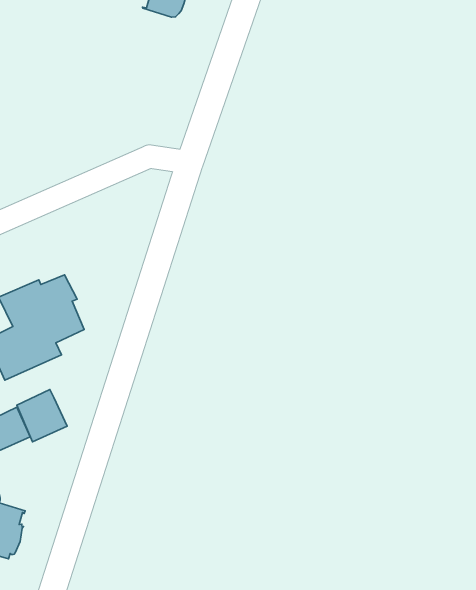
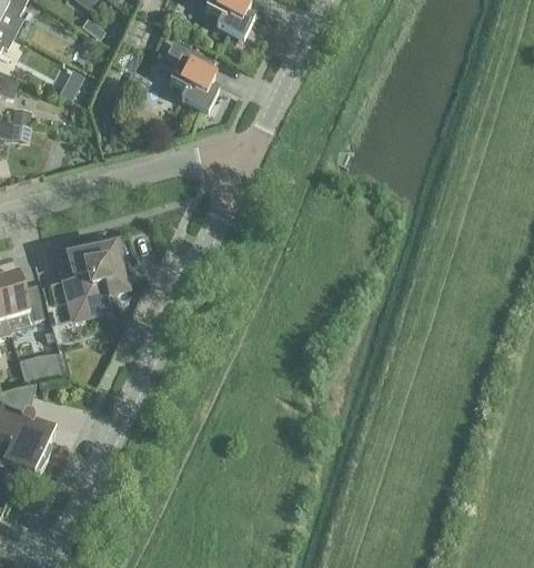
building: none -> [161,39,218,109]
building: [17,390,67,442] -> none

